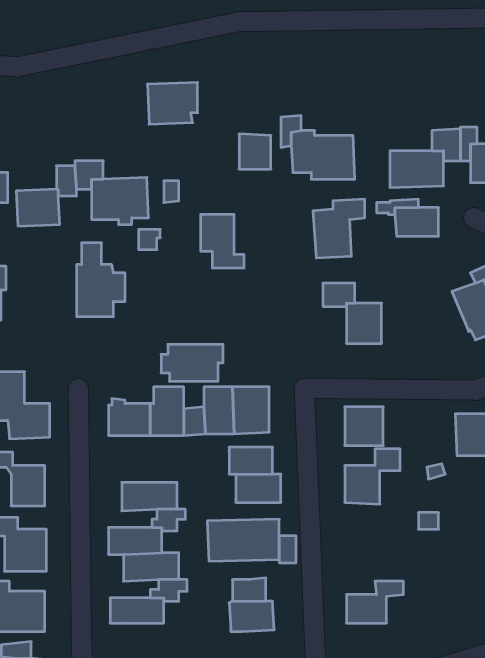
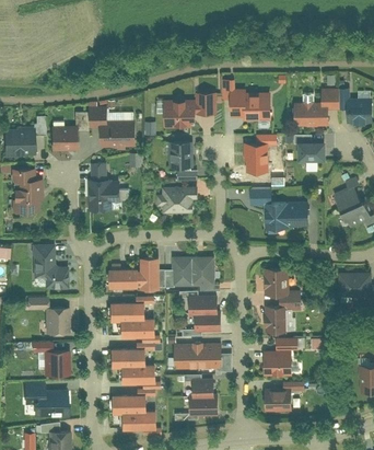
building: [147,82,198,124] -> [162,101,195,128]
building: none -> [288,203,308,228]
building: [161,344,223,381] -> [156,188,197,212]
building: none -> [108,303,143,320]
building: none -> [261,341,303,378]
building: none -> [120,412,155,429]

